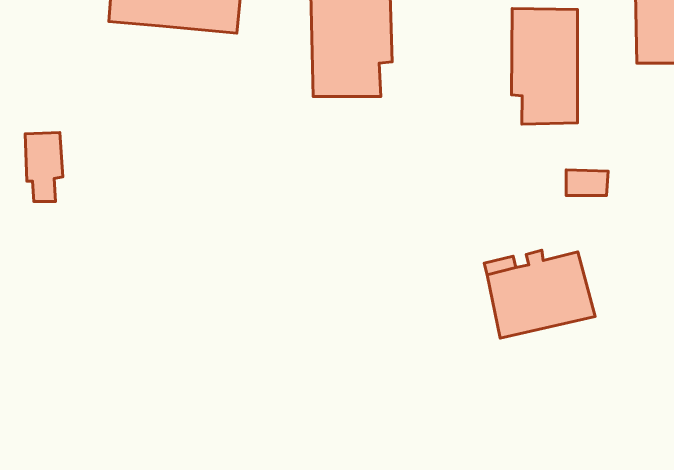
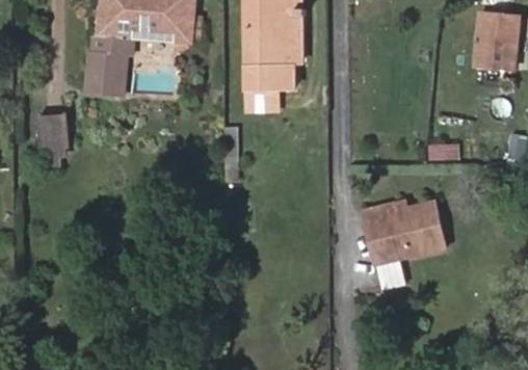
building: [512,9,577,124] -> none
building: none -> [83,34,134,89]

